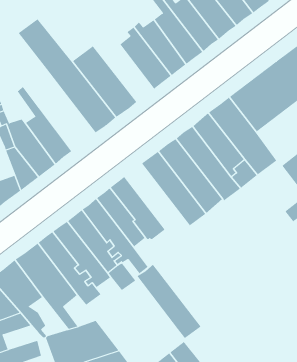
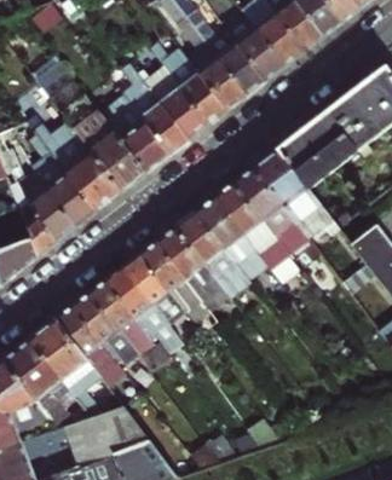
building: none -> [115,56,190,154]
building: none -> [29,116,122,210]
building: [136,264,201,339] -> [156,225,231,312]

